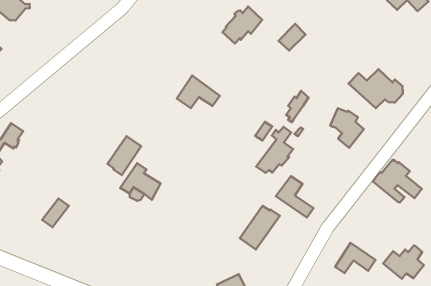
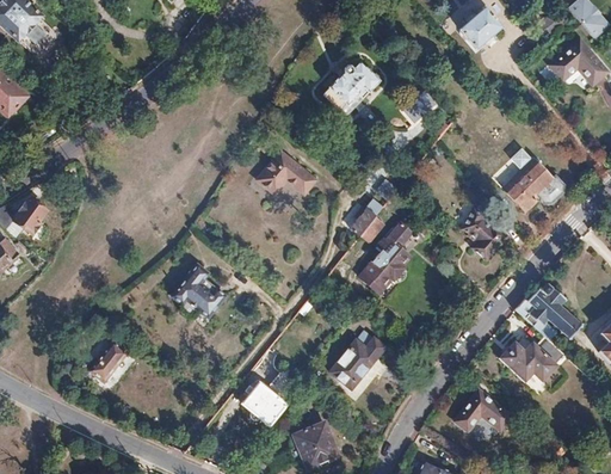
building: [286,91,309,122] -> [350,198,382,240]
building: [107,136,141,175] -> none
building: [276,176,314,218] -> none
building: [42,198,69,227] -> [91,343,128,381]
building: none -> [242,373,296,426]
building: [383,246,424,279] -> [504,339,558,383]

